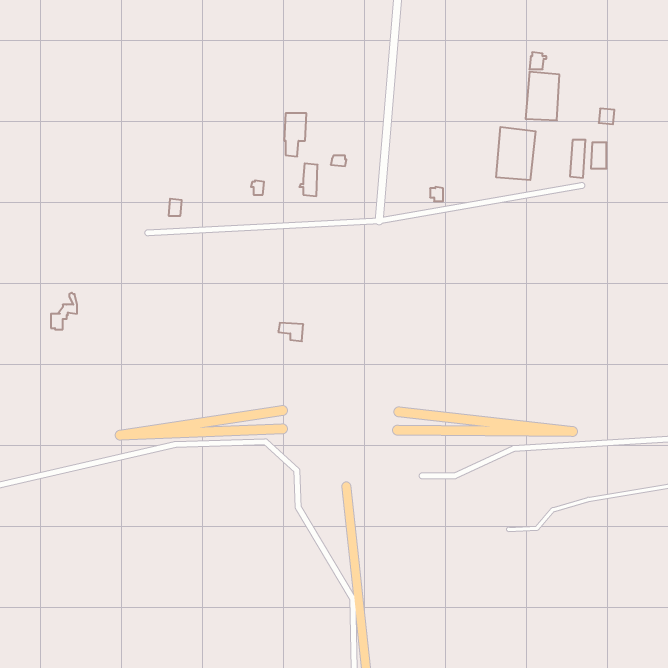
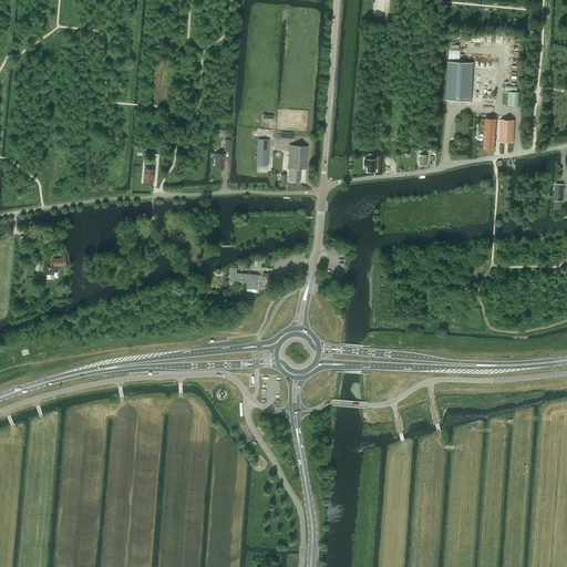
building: [284,113,306,156] -> [288,145,307,182]
building: [496,127,536,180] -> none

